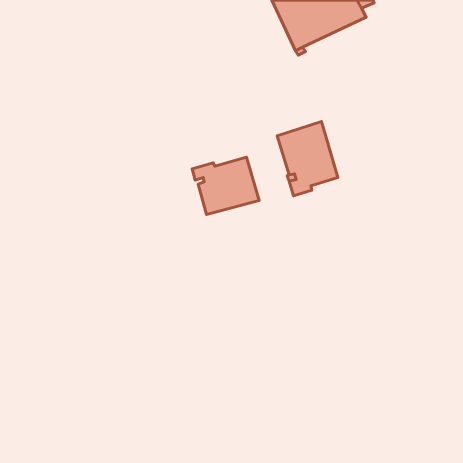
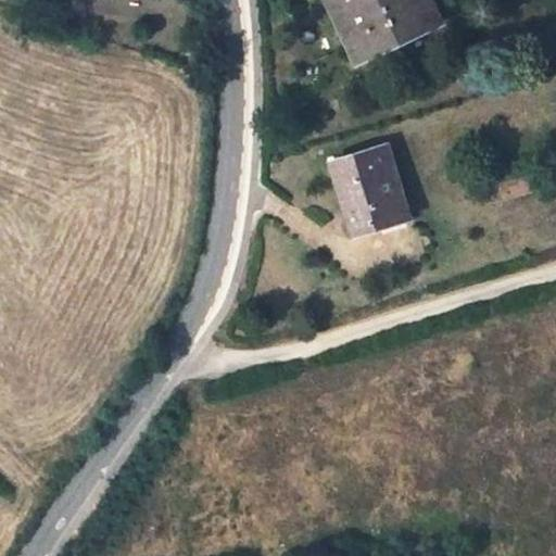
building: [192,157,259,215] -> none

